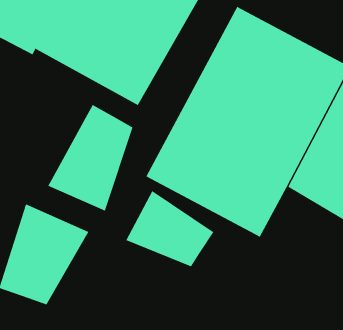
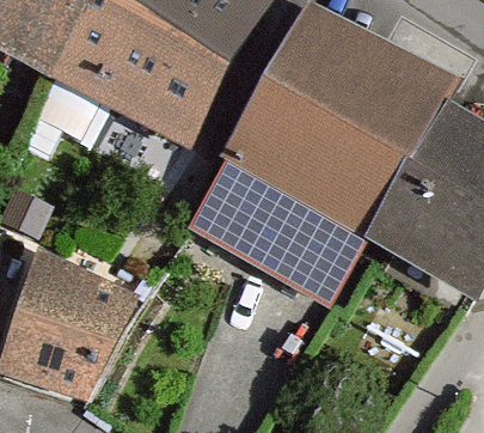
building: [47,104,133,211] -> none
building: [125,190,214,267] -> none

